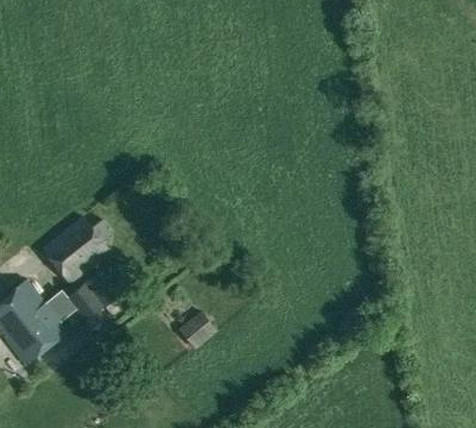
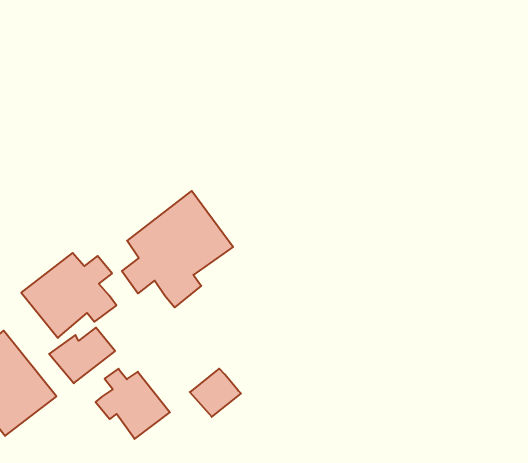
building: none -> [122,191,233,307]
building: none -> [96,369,170,439]

